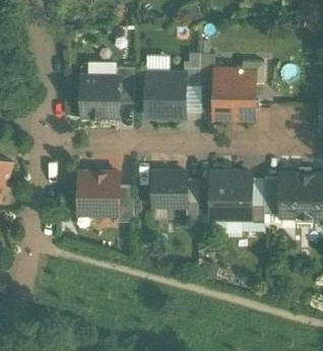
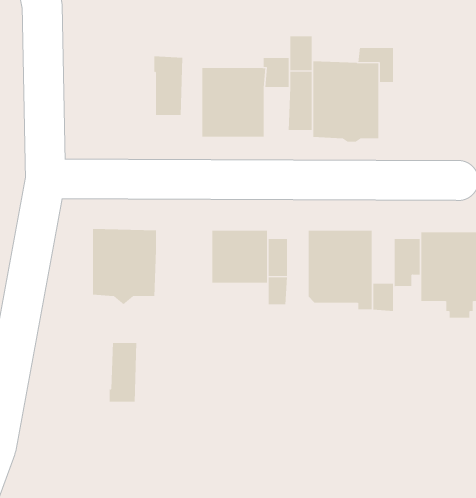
building: [80,78,117,117] -> none
building: [116,187,133,223] -> [109,342,137,402]

